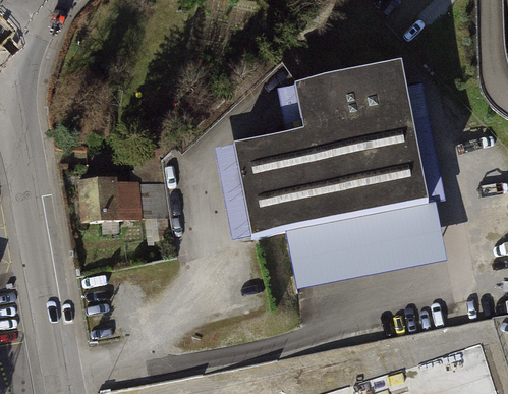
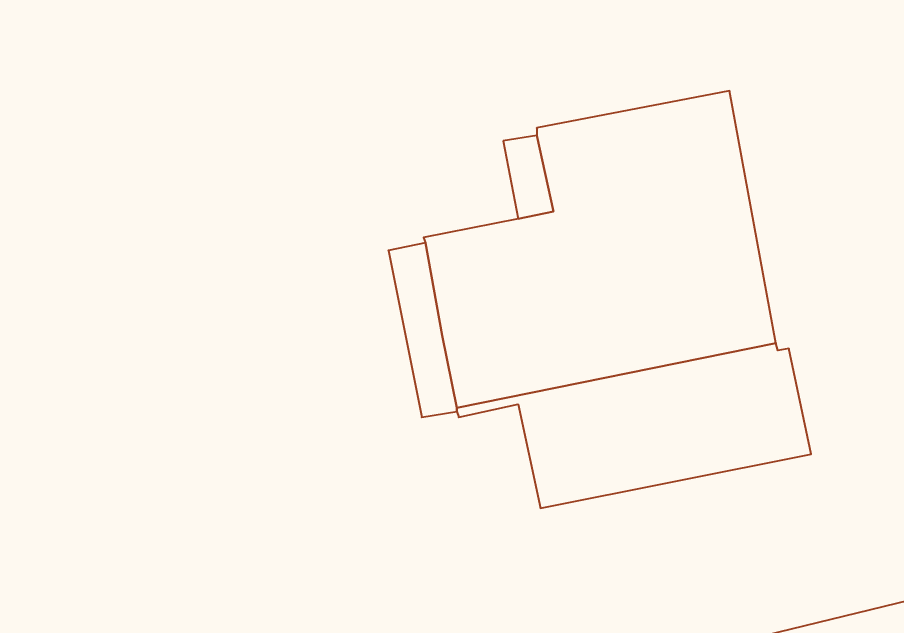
building: [83,179,172,220] -> none

